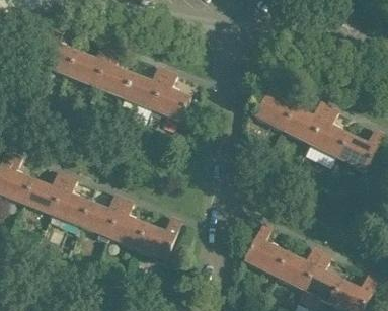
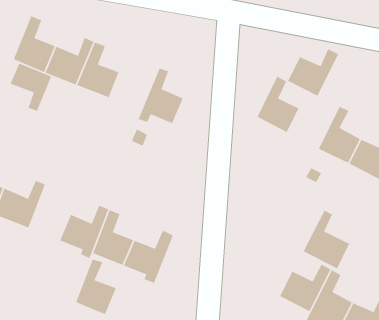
building: none -> [10,63,52,112]
building: [124,66,168,109] -> none
building: [283,99,329,143] -> [287,48,339,97]
building: [52,174,89,225] -> [75,258,117,315]
building: [244,221,287,275] -> [302,210,350,270]

